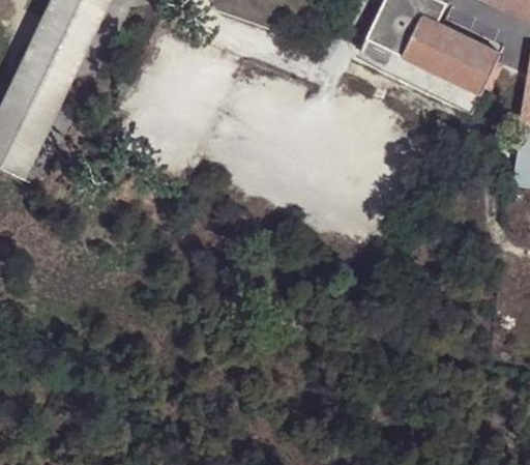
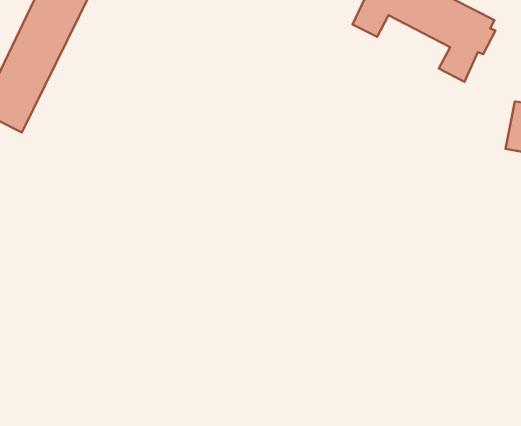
building: [382,45,455,98] -> none

